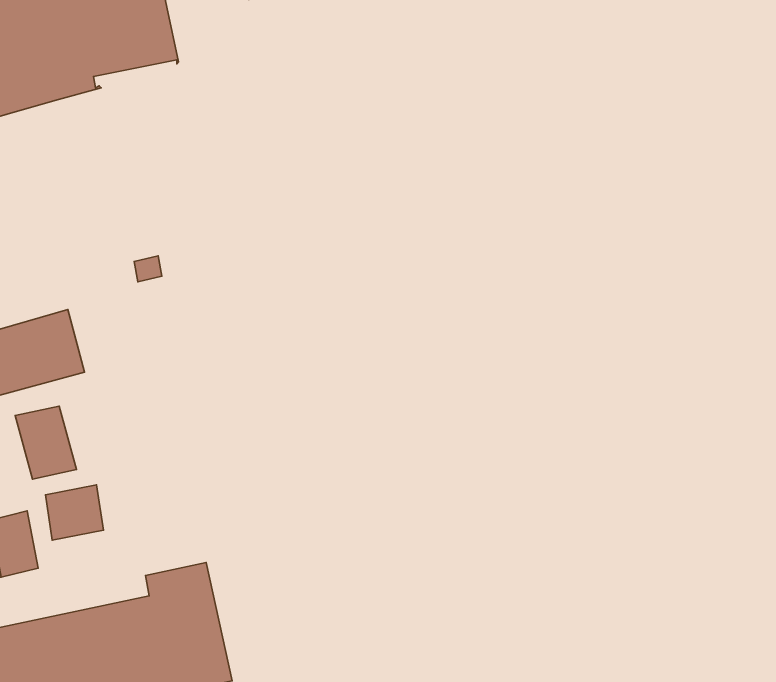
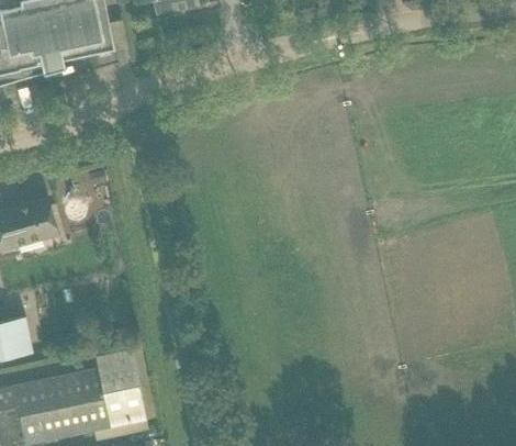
building: [15,406,76,479] -> none
building: [45,485,103,540] -> none

